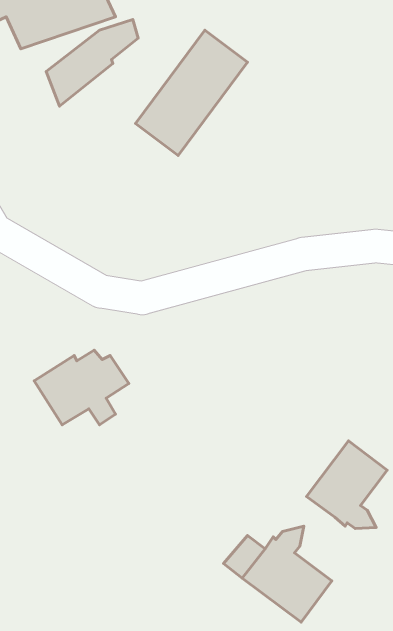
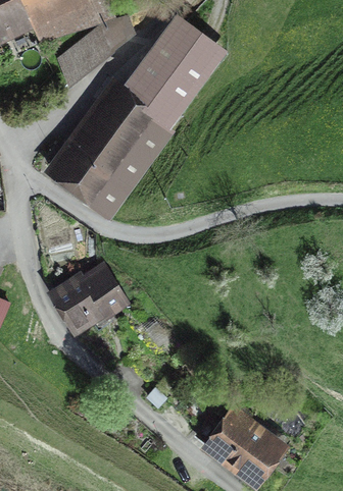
building: none -> [62,91,172,208]
building: [307,441,387,528] -> none

